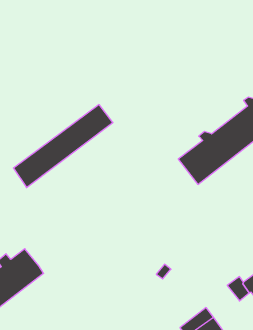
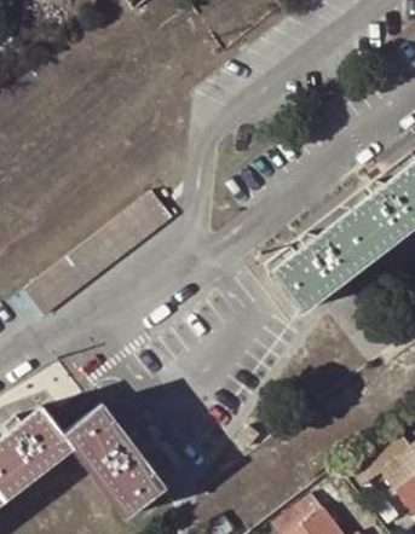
building: none -> [65,405,168,518]

